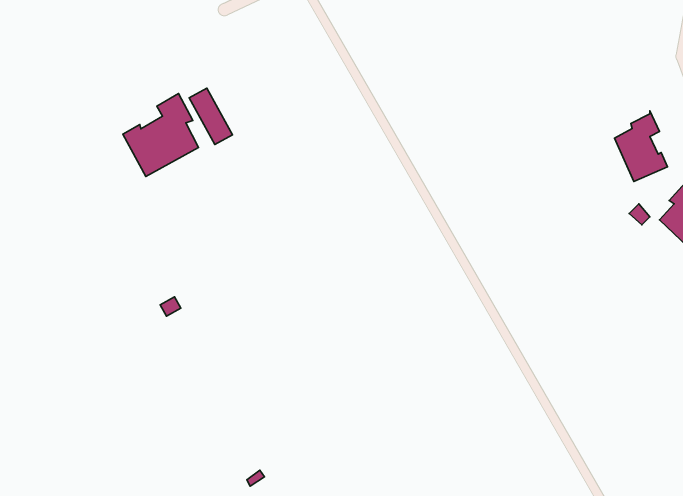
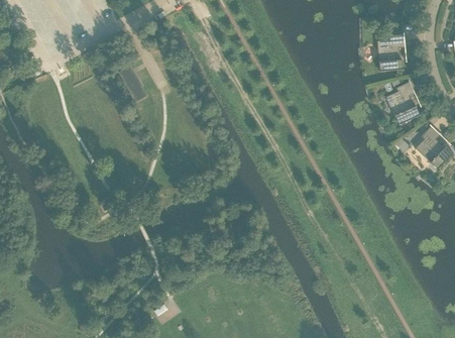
building: none -> [376,31,405,70]
building: [123,93,199,177] -> none

